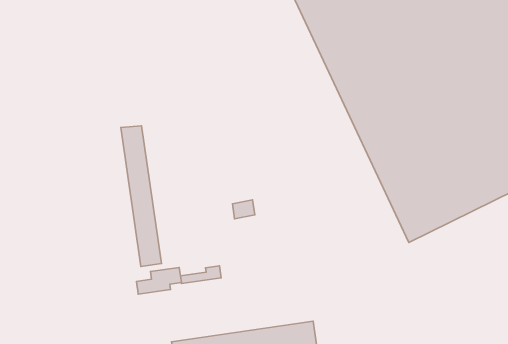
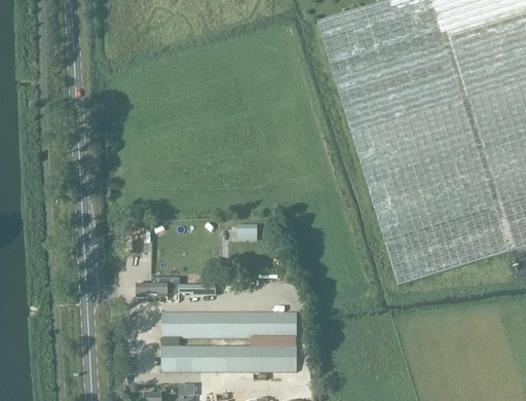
building: [121,126,161,266] -> none
building: none -> [162,313,298,337]

